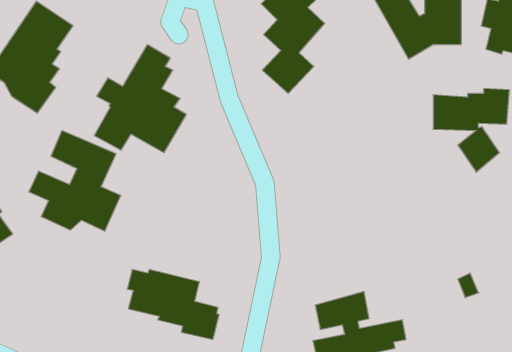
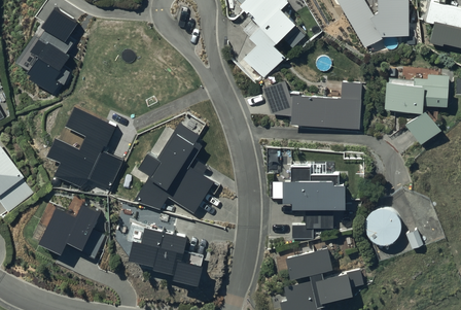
building: [94,45,186,153] -> [136,123,213,213]
building: none -> [260,79,363,131]
building: none -> [282,167,345,239]
building: none -> [39,207,105,261]
building: none -> [364,208,400,244]

